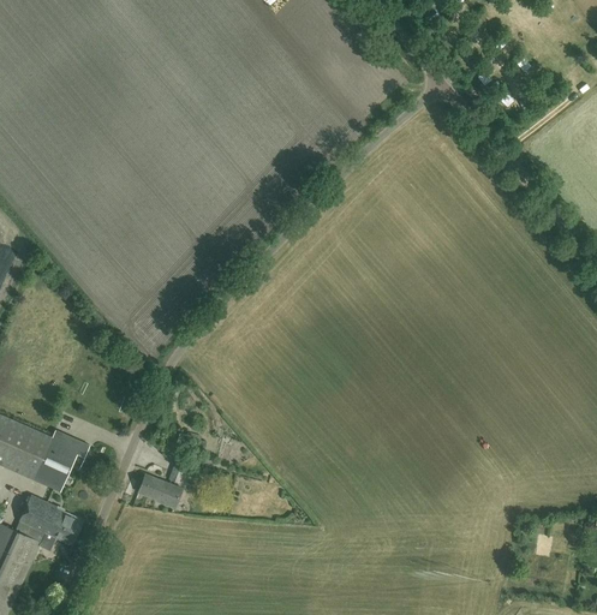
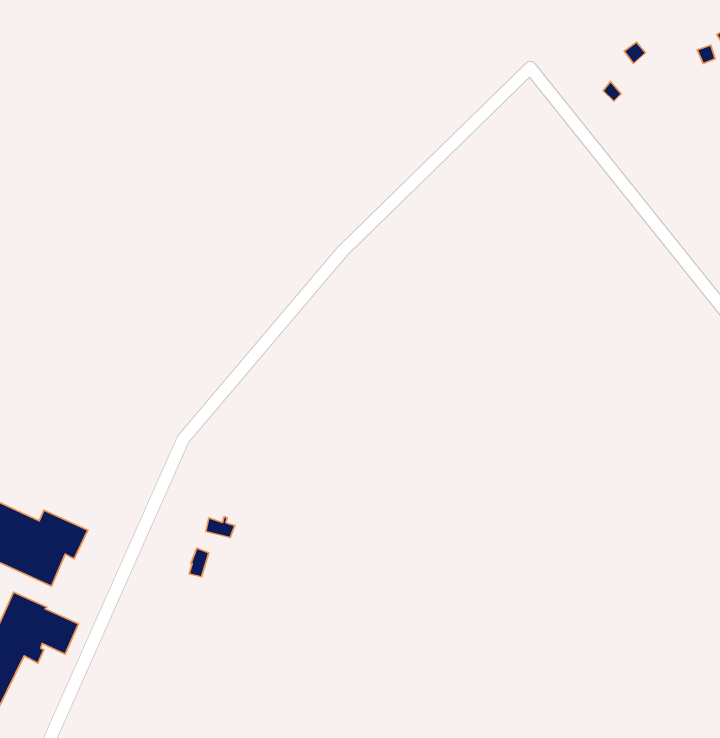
building: [137,474,181,508] -> none

